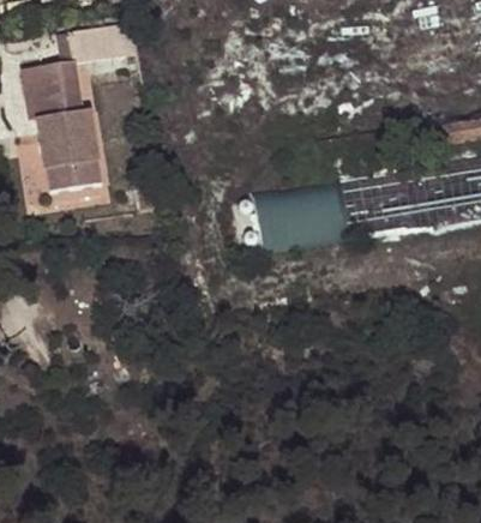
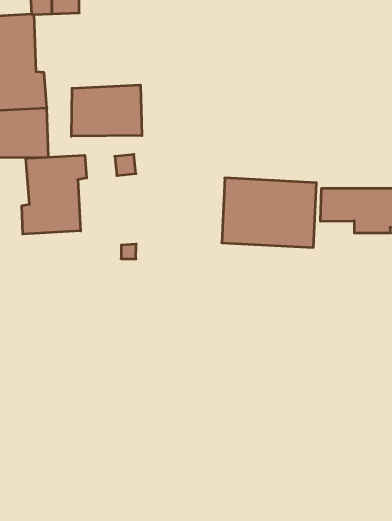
building: none -> [71,85,142,136]
building: none -> [22,155,87,234]

